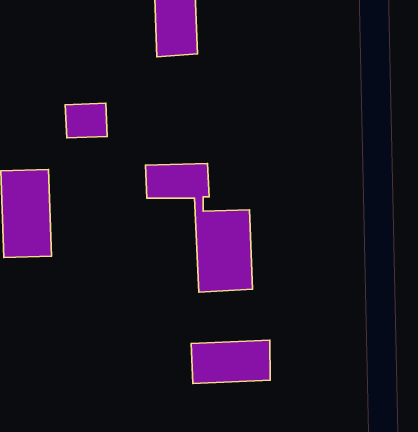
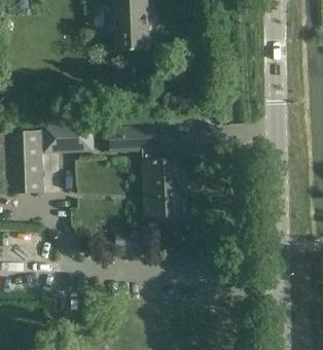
building: [65,103,107,138] -> [43,128,73,152]
building: [191,340,270,383] -> none

